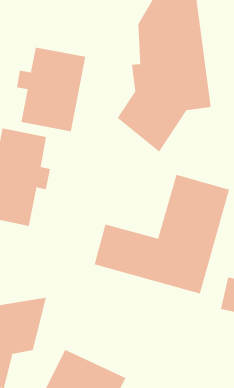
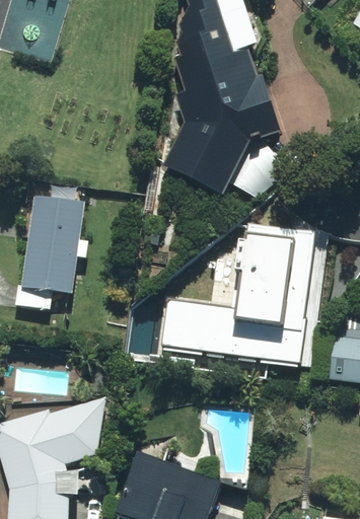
building: [16,47,86,132] -> none

